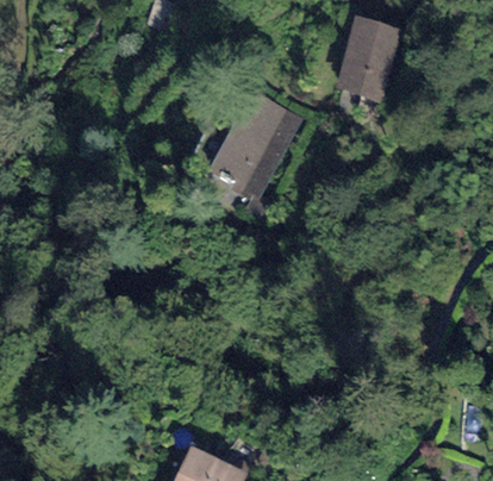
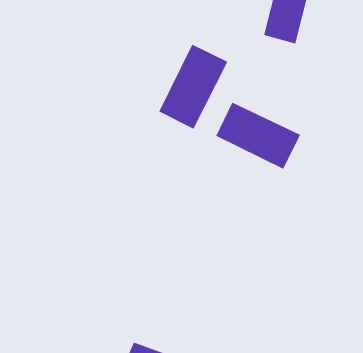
building: none -> [215,101,301,170]

